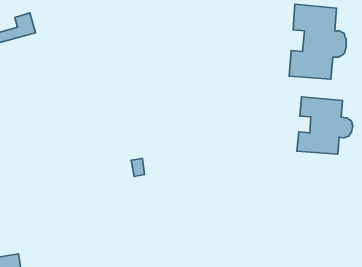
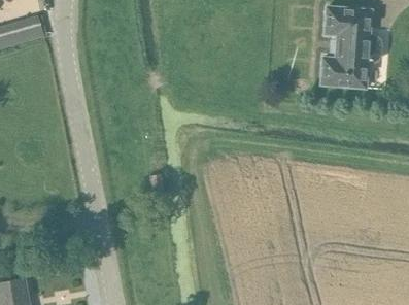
building: [297,97,353,154] -> none

